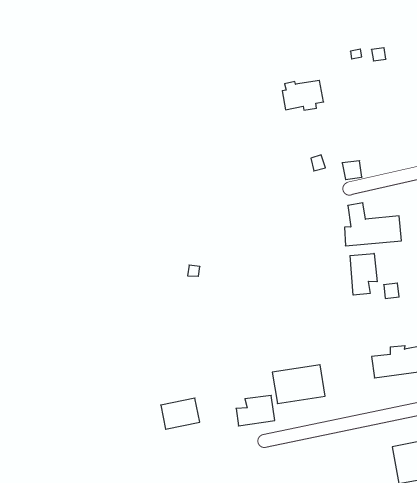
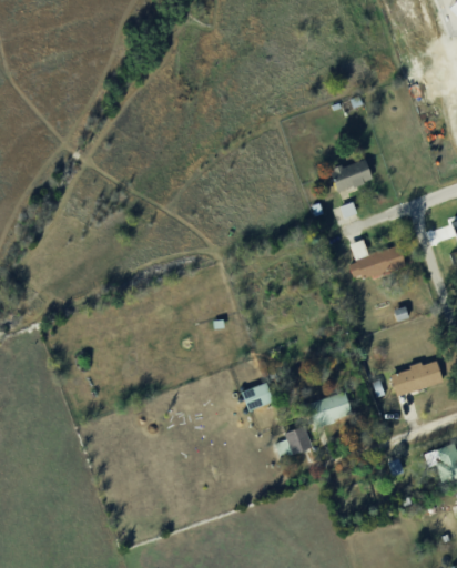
building: [282,80,324,110] -> [333,159,372,190]
building: [350,253,377,295] -> none
building: [161,398,200,429] -> [241,381,278,413]

